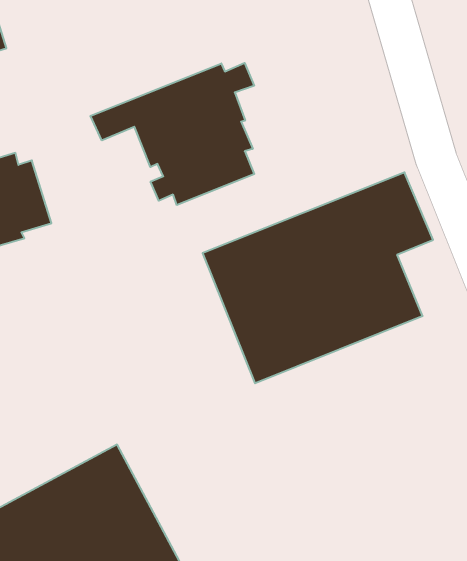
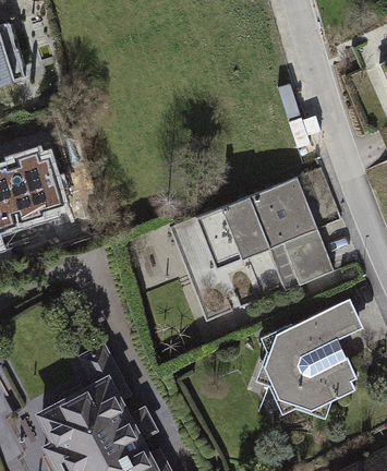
building: [90,63,254,205] -> none
building: none -> [259,299,359,409]

